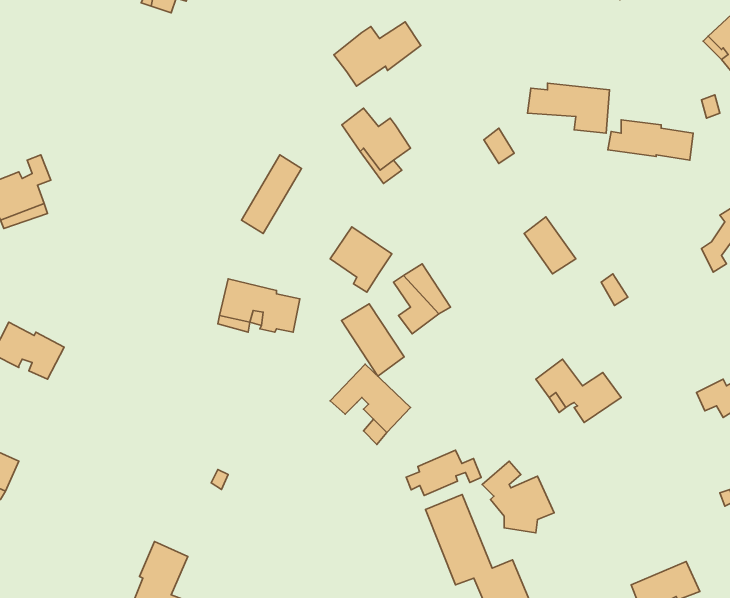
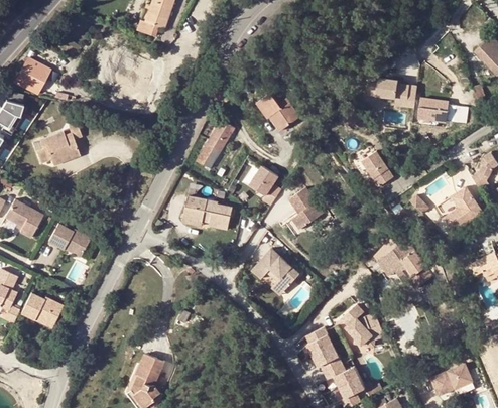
building: [334,22,421,86] -> none
building: none -> [439,188,482,232]
building: [341,304,404,376] -> none
building: [406,450,481,496] -> none

